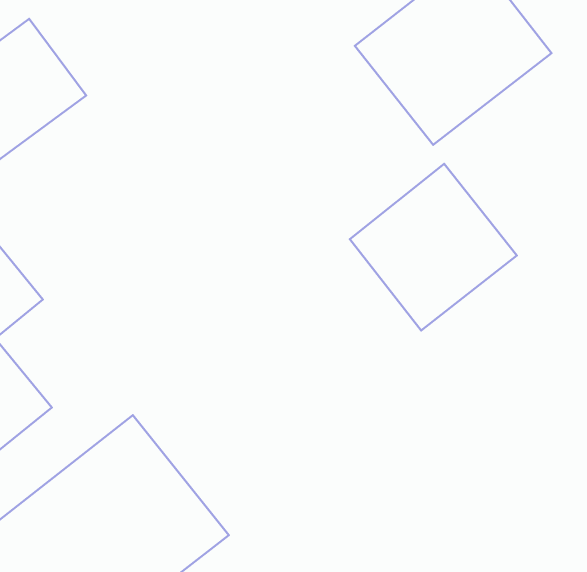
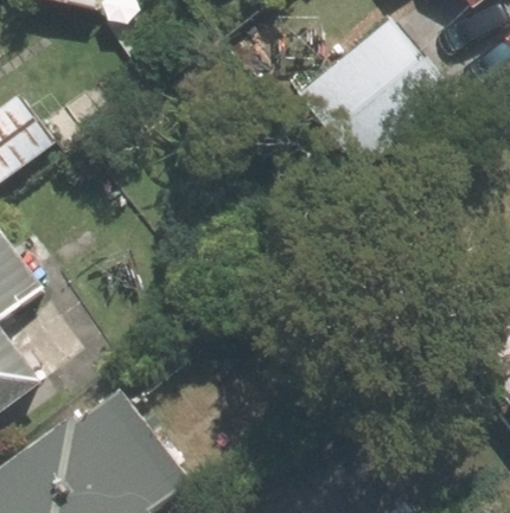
building: [350,164,517,330] -> none

